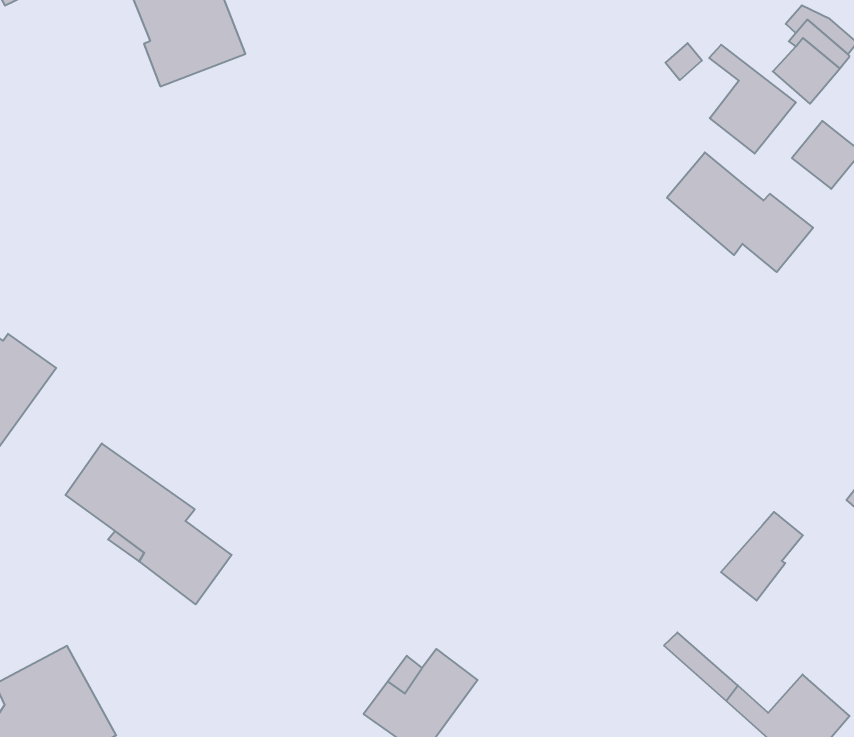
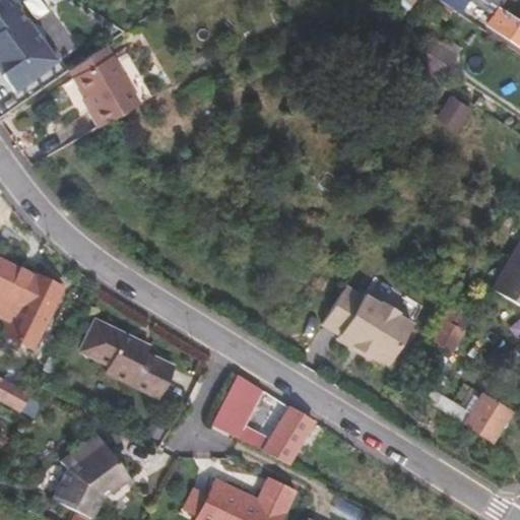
building: [709,45,796,154] -> none
building: [667,152,813,272] -> none
building: none -> [326,290,416,370]
building: none -> [212,372,265,437]

